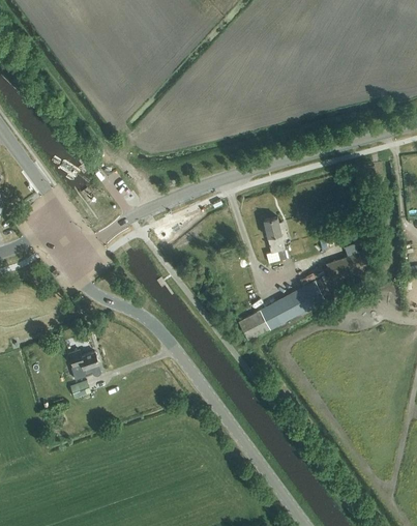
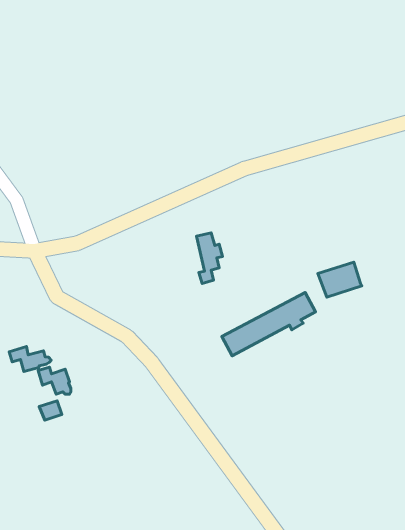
building: [264,217,288,264] -> [197,233,223,284]
building: none -> [9,346,51,371]

